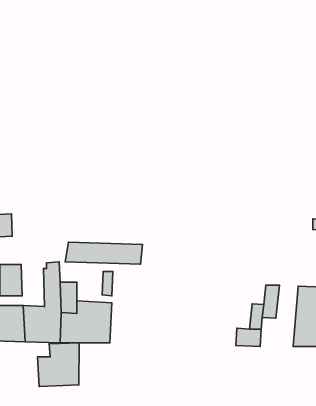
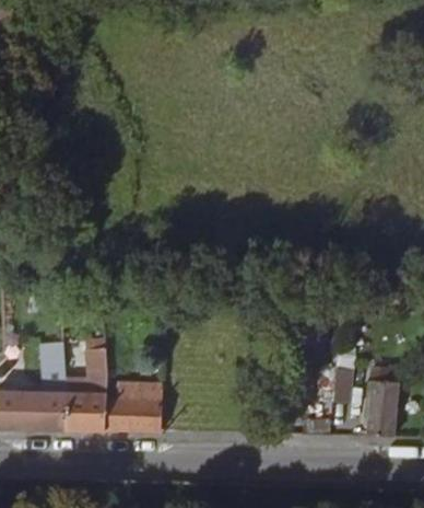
building: [65,242,142,264] -> none
building: [37,343,79,387] -> none

